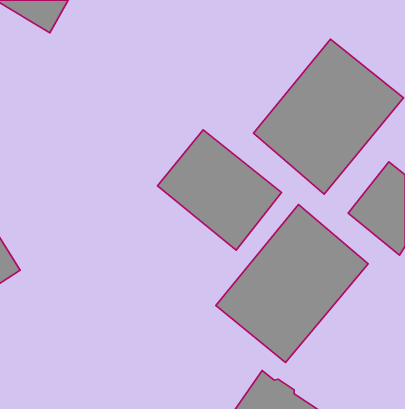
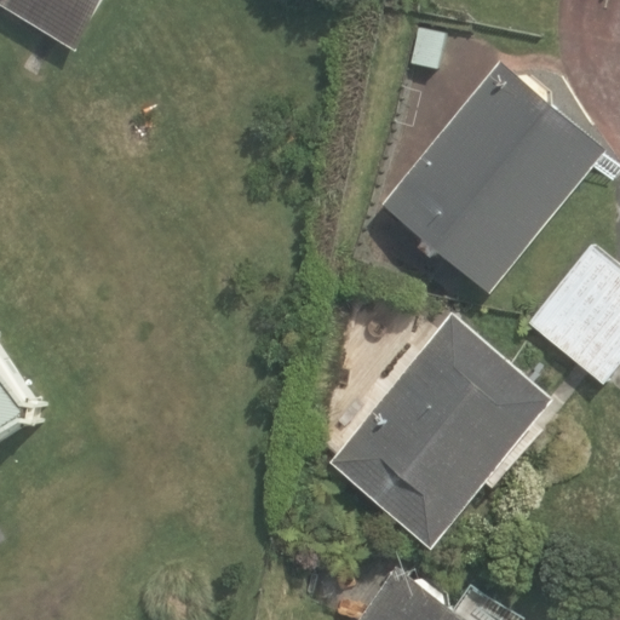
building: [157,130,282,250] -> none

